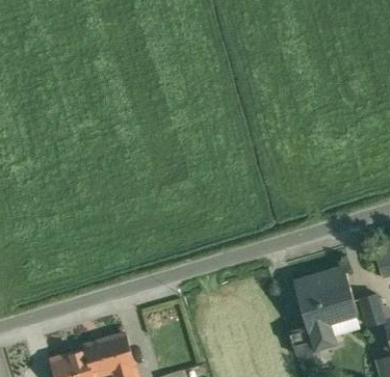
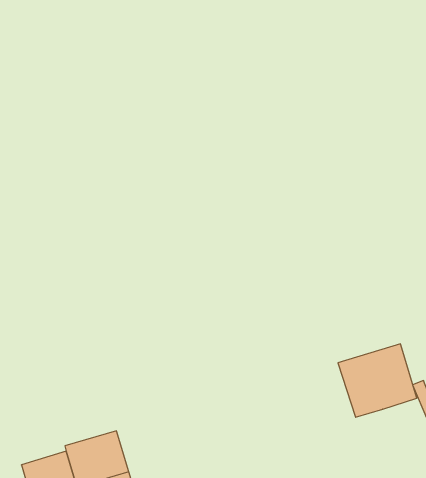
building: [287,318,335,355] -> none

